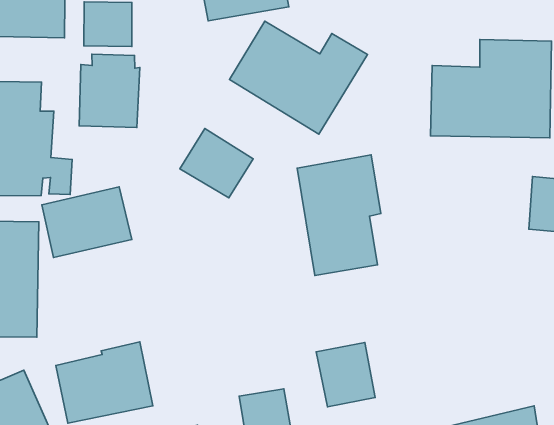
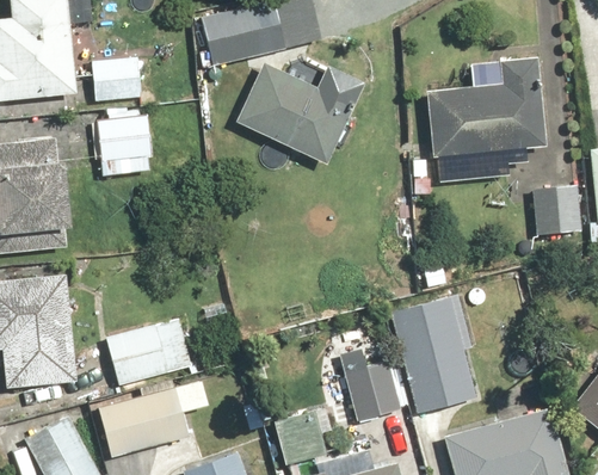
building: [180,128,253,198] -> none
building: [297,155,381,275] -> [392,294,476,413]
building: [42,187,132,258] -> [105,315,193,388]

